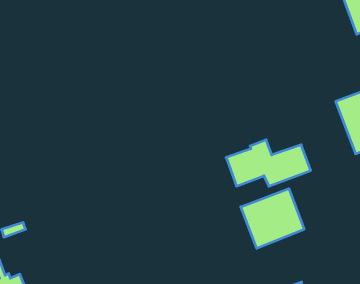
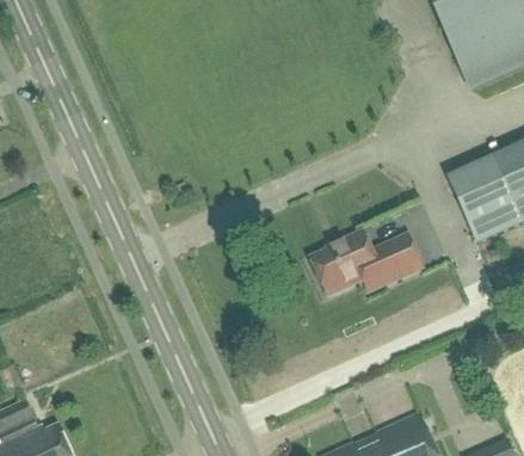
building: [241,189,304,248] -> none

